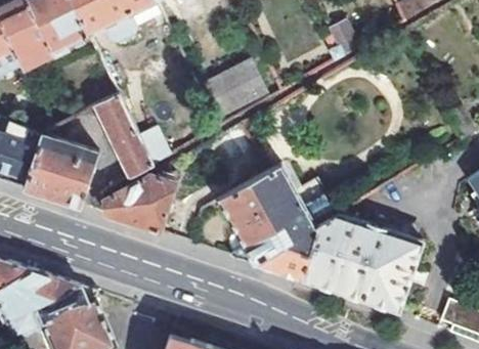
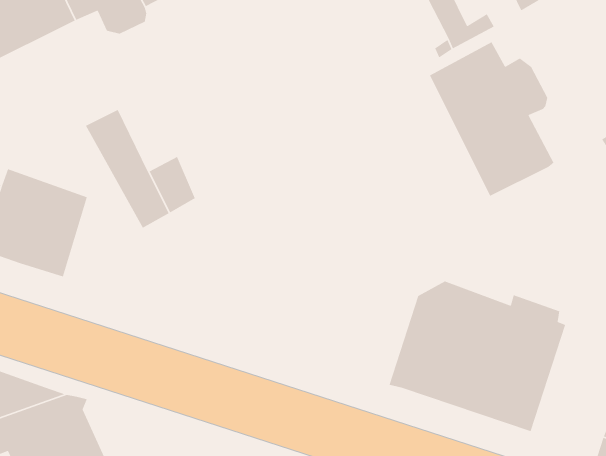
building: none -> [429,41,555,197]
building: [206,64,265,117] -> none
building: [218,162,337,280] -> none
building: [102,175,174,234] -> none

